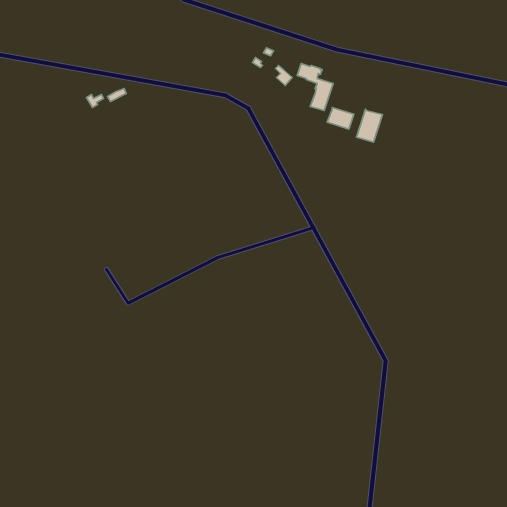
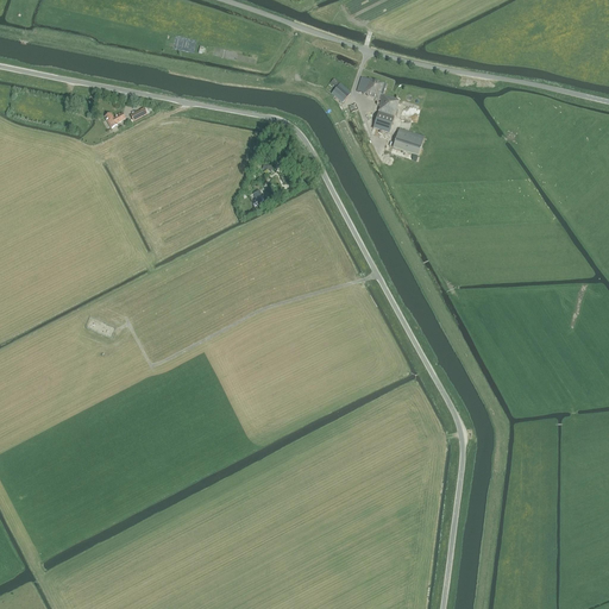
building: [357,109,382,142] -> none

